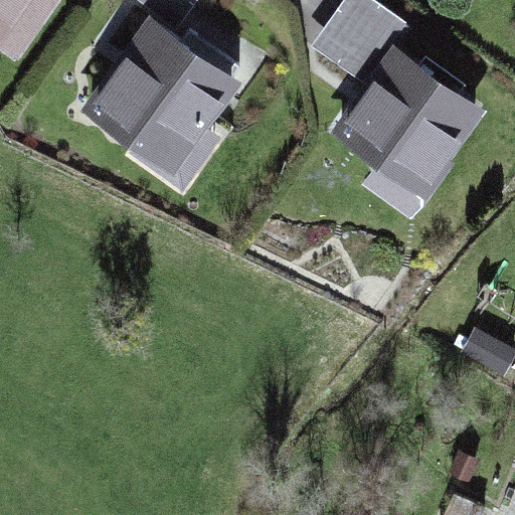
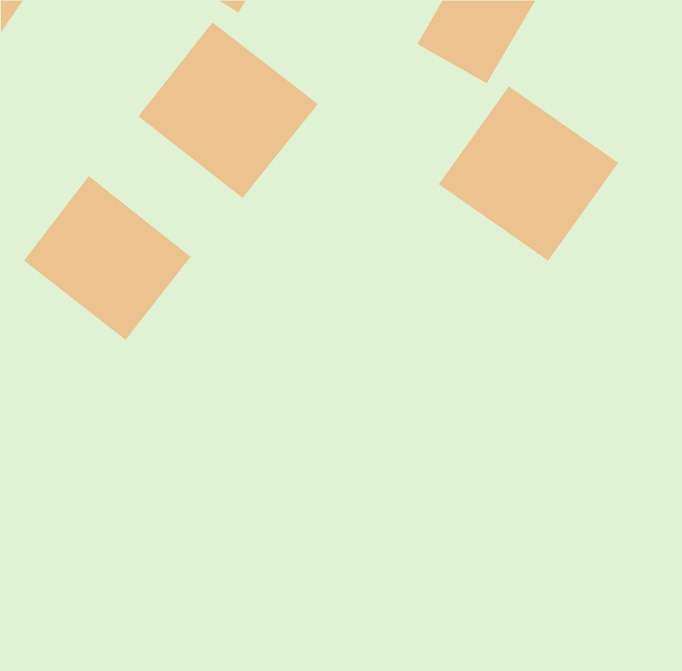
building: none -> [23,175,191,341]

